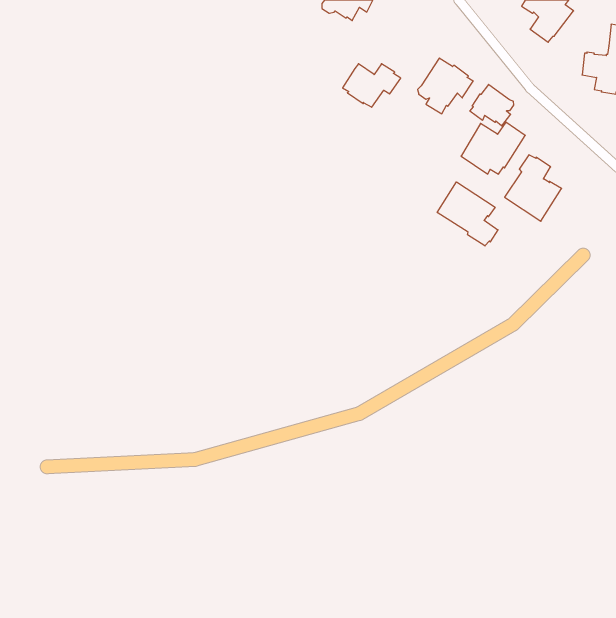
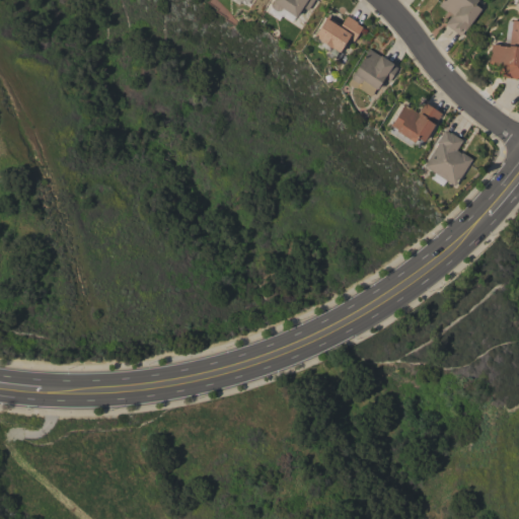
building: [343,64,401,107] -> [315,15,364,52]
building: [470,84,513,126] -> none
building: [437,182,498,246] -> none

